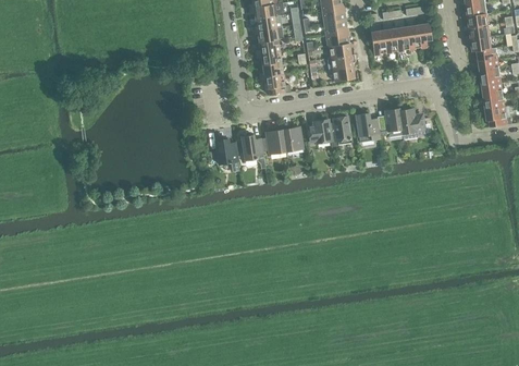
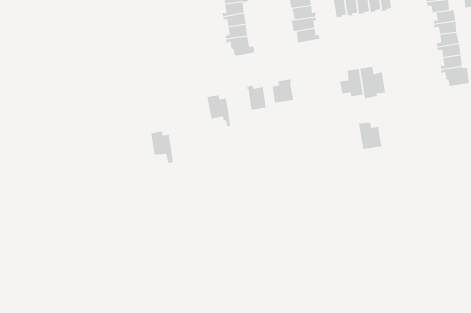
building: [356,112,381,141] -> [358,122,382,150]
building: [328,114,351,148] -> none
building: [261,129,286,152] -> none
building: [215,137,239,171] -> [151,131,174,164]

